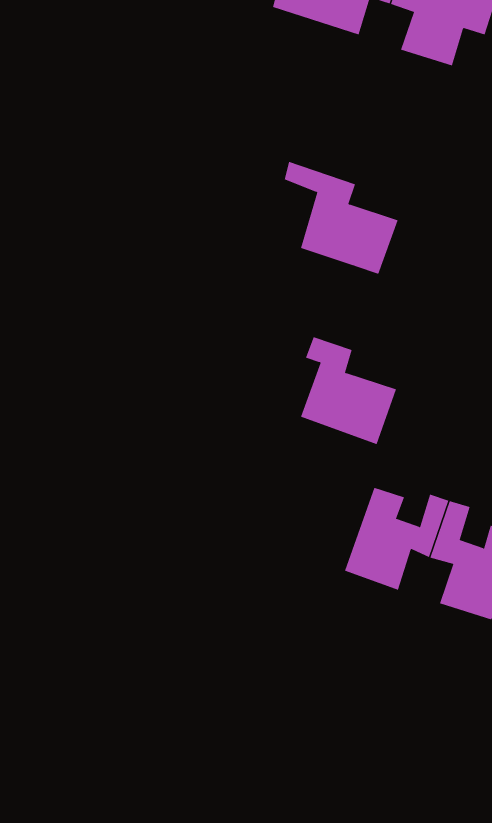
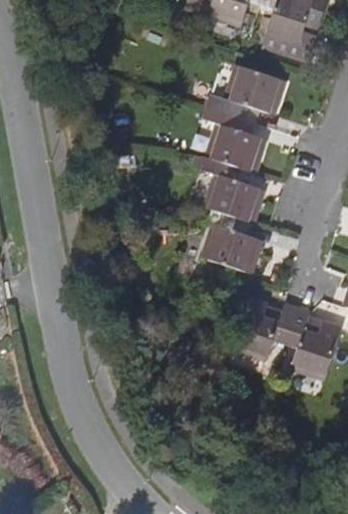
building: none -> [263,24,316,59]
building: none -> [199,61,284,114]
building: none -> [196,154,265,222]

